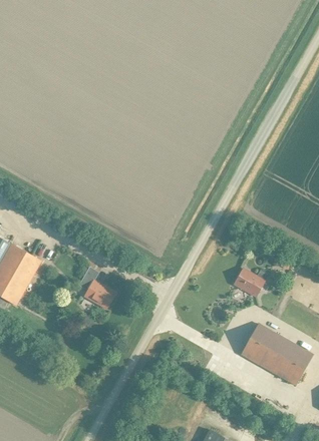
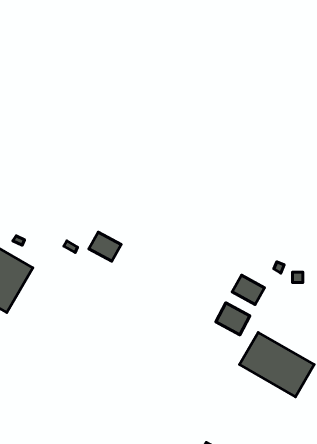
building: [84,281,115,309] -> [89,232,121,261]
building: none -> [216,303,250,335]

